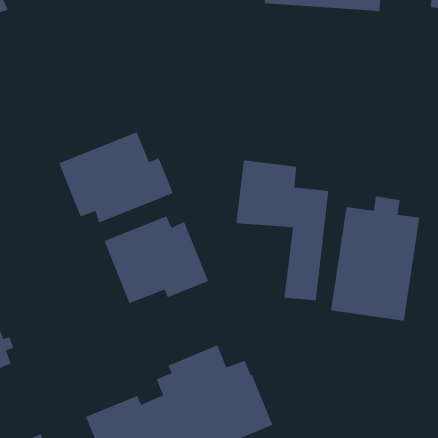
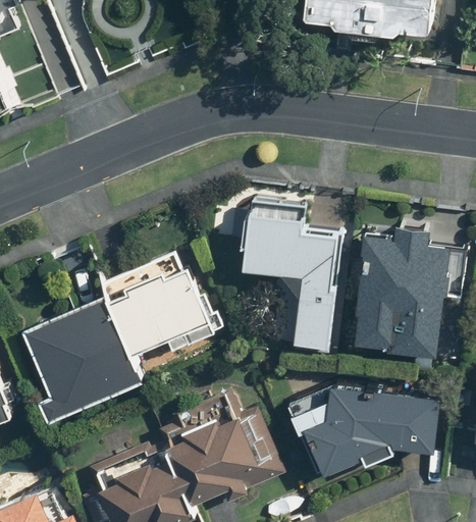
building: [58,131,174,223] -> none
building: none -> [33,300,137,411]
building: none -> [288,379,446,478]

